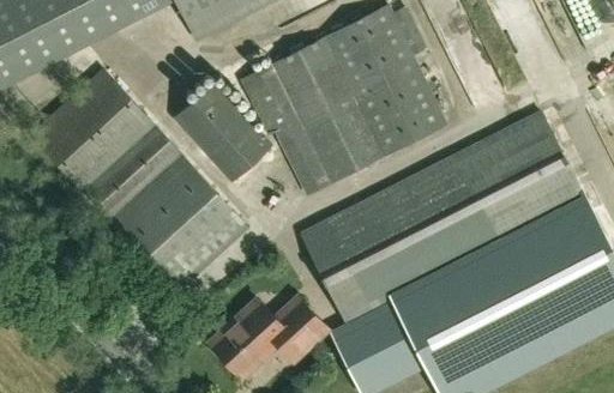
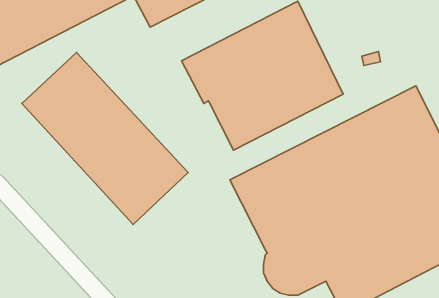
building: [175,80,272,180] -> none
building: [211,298,327,376] -> none

